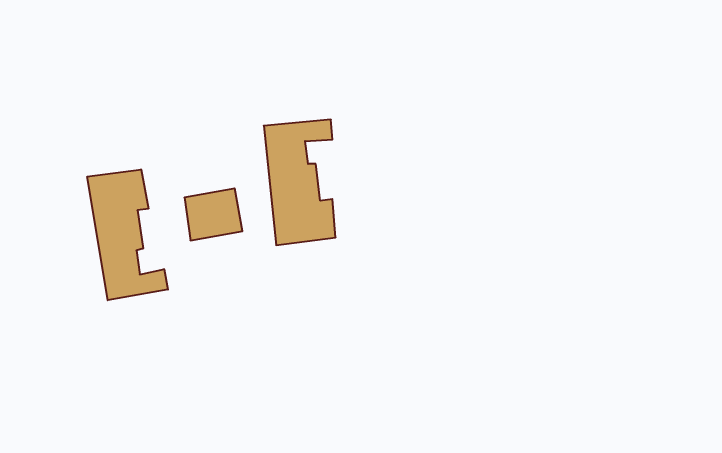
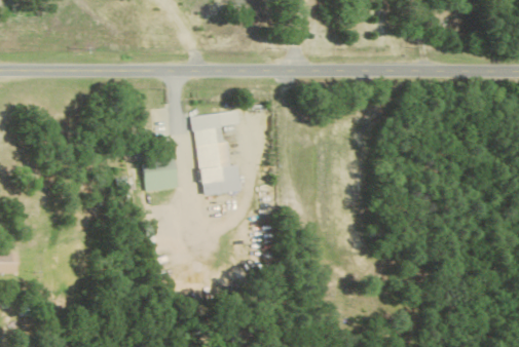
building: [87,169,168,300] -> none

